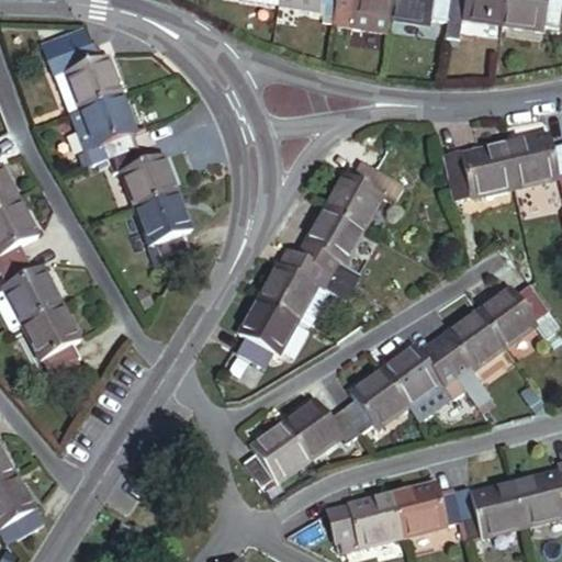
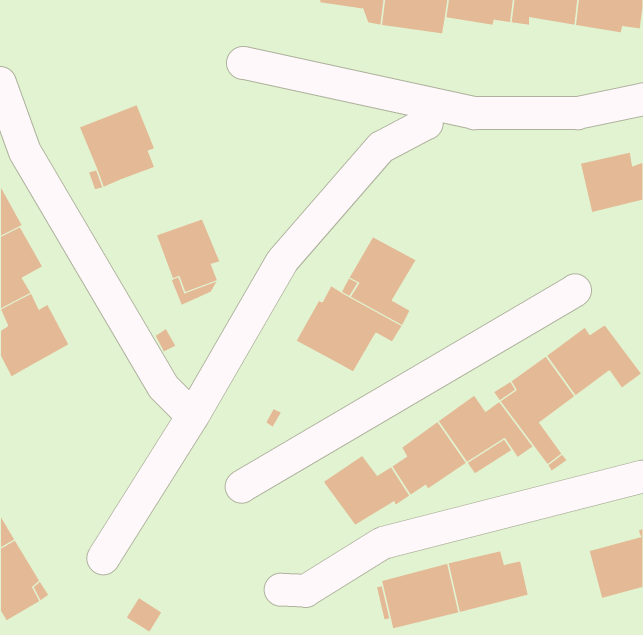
building: [49,30,122,111] -> none
building: [445,143,516,199] -> none
building: [105,146,177,205] -> none
building: [325,160,404,227] -> none
building: [238,297,296,366] -> none
building: [21,301,83,384] -> none
building: [241,423,310,487] -> none
building: [454,481,525,538] -> none

